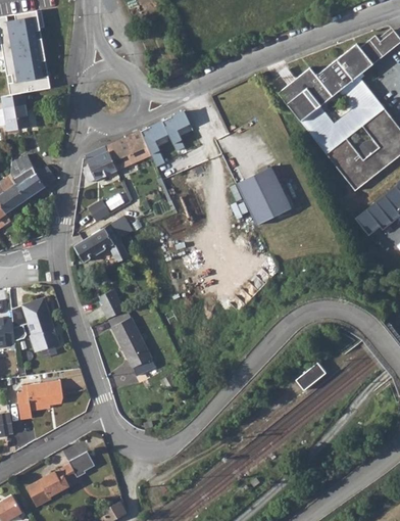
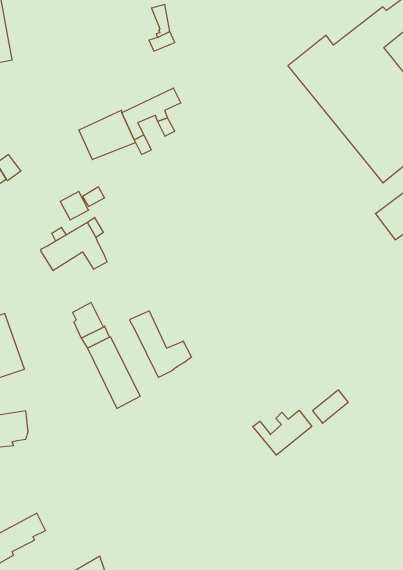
building: [83,146,115,183] -> none
building: [237,167,291,225] -> none
building: none -> [130,311,192,377]
building: none -> [253,410,312,455]
building: [67,451,95,478] -> none

